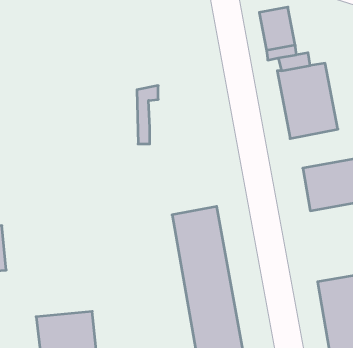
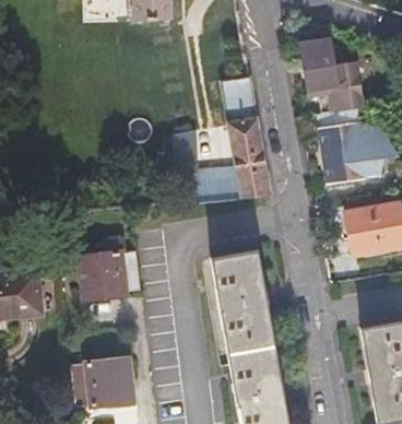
building: none -> [196,74,270,199]
building: none -> [75,248,140,297]

